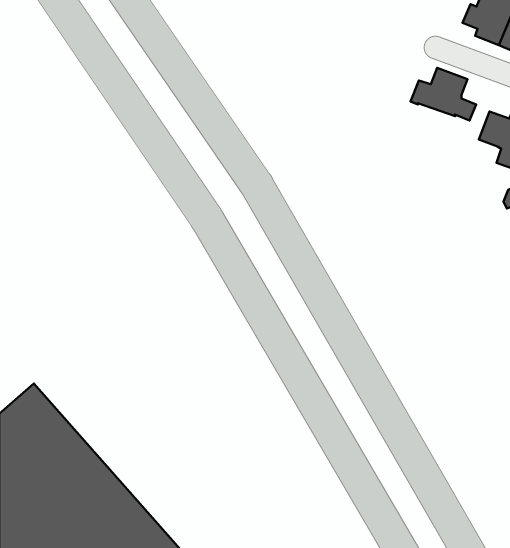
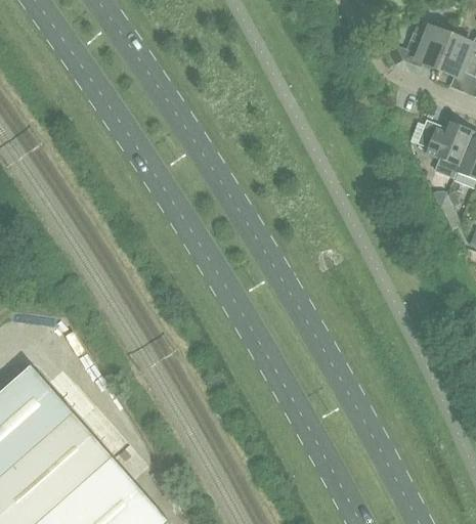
building: [411,68,476,121] -> none

